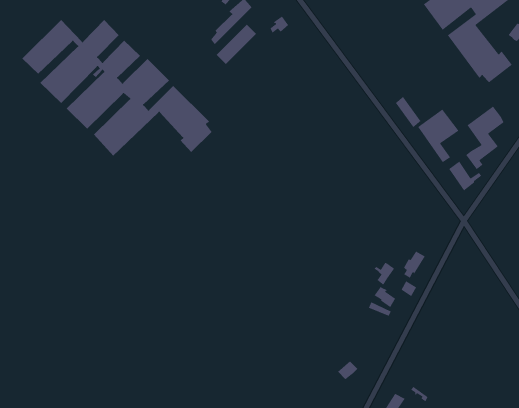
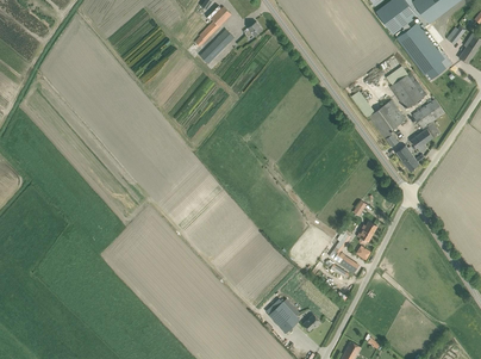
building: [22,19,213,156] -> none
building: none -> [389,72,427,107]
building: none -> [266,298,300,333]

